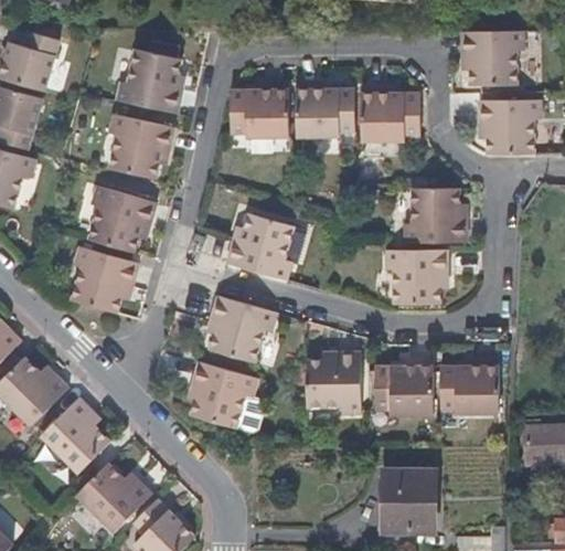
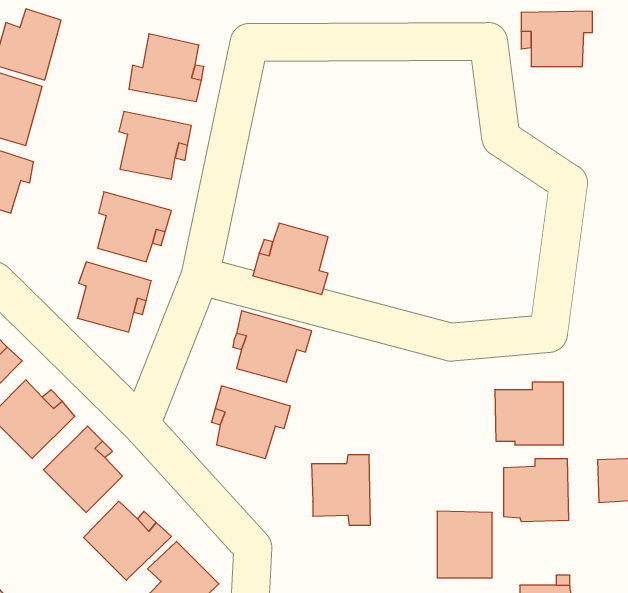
building: [228,81,287,137] -> none
building: [294,81,352,137] -> none
building: [360,86,420,141] -> none
building: [478,97,541,147] -> none
building: [403,194,466,243] -> none
building: [385,250,447,301] -> none
building: [305,351,356,413] -> [312,455,370,525]
building: [374,358,431,413] -> [504,459,569,522]

